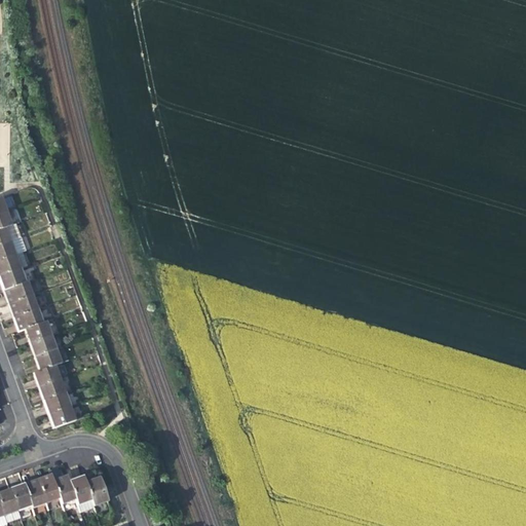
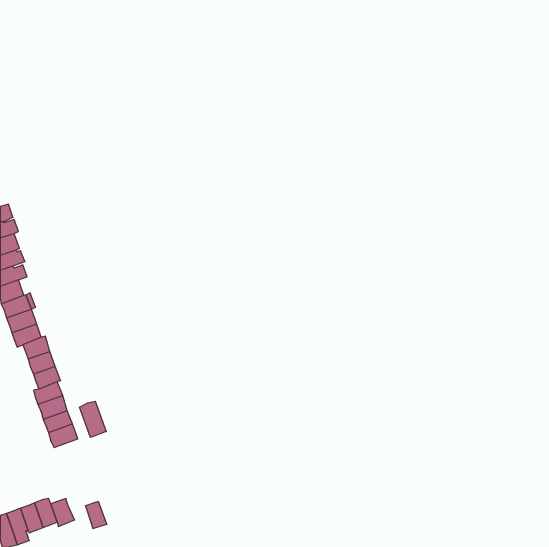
building: none -> [80,401,106,437]
building: [68,476,90,511] -> none

